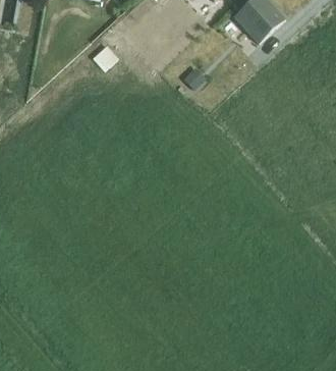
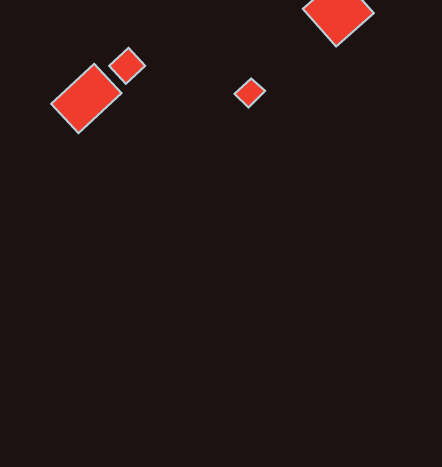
building: none -> [51,64,121,133]

